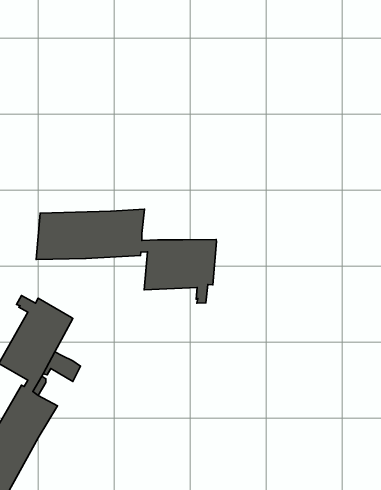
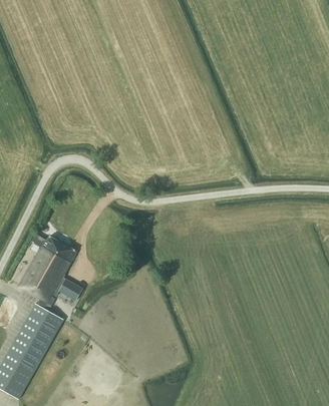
building: [36,209,216,303] -> none

